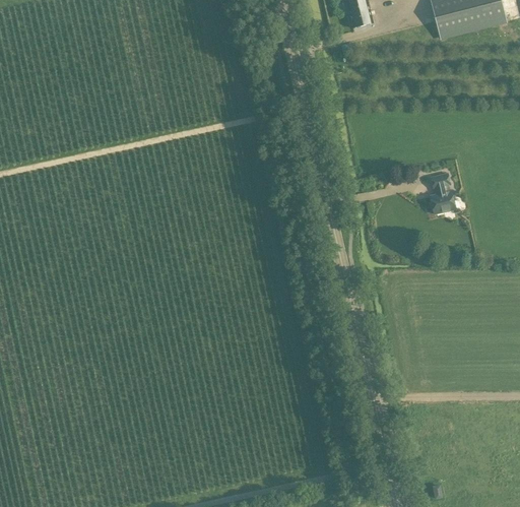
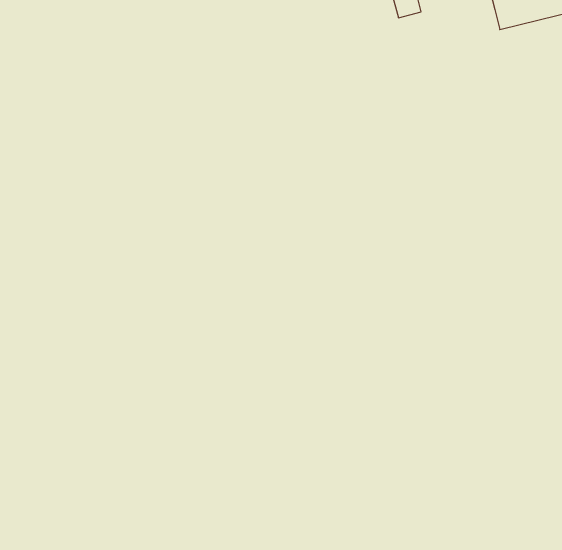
building: [429,173,454,212] -> none

